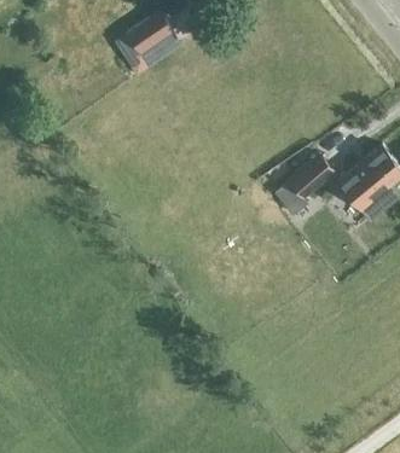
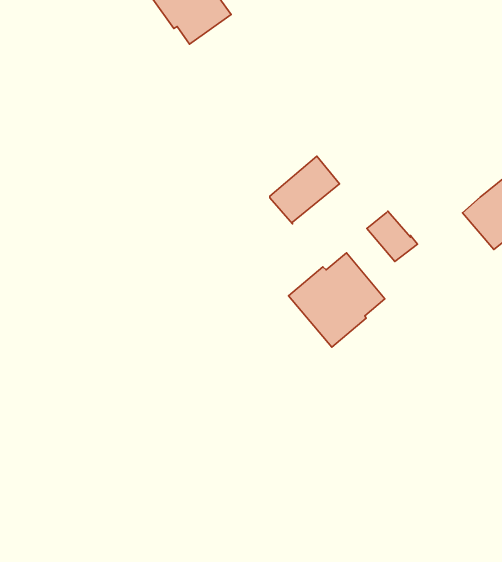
building: [289,150,337,197] -> [270,156,339,224]
building: none -> [288,253,385,347]

